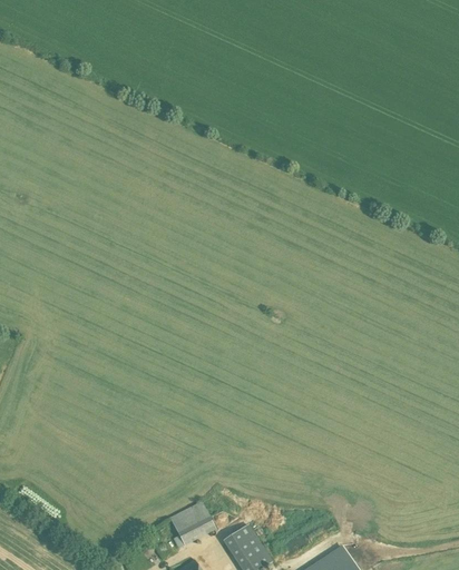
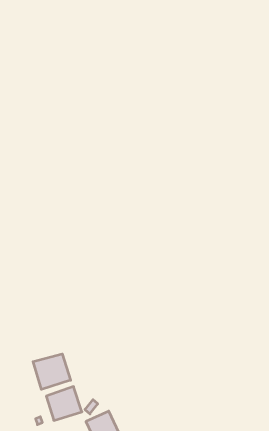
building: none -> [33,354,71,389]

